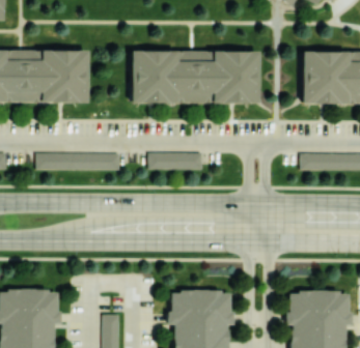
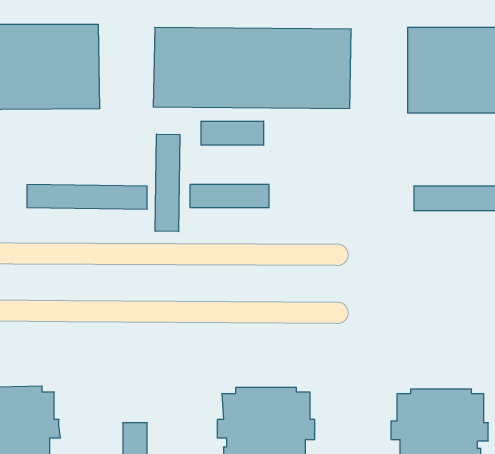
building: none -> [201,121,264,145]
building: none -> [155,134,180,232]

